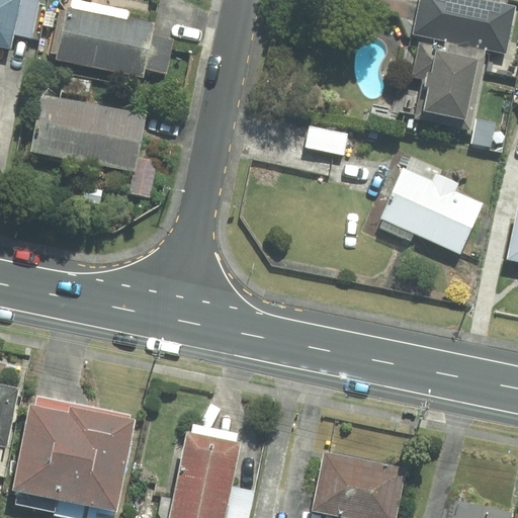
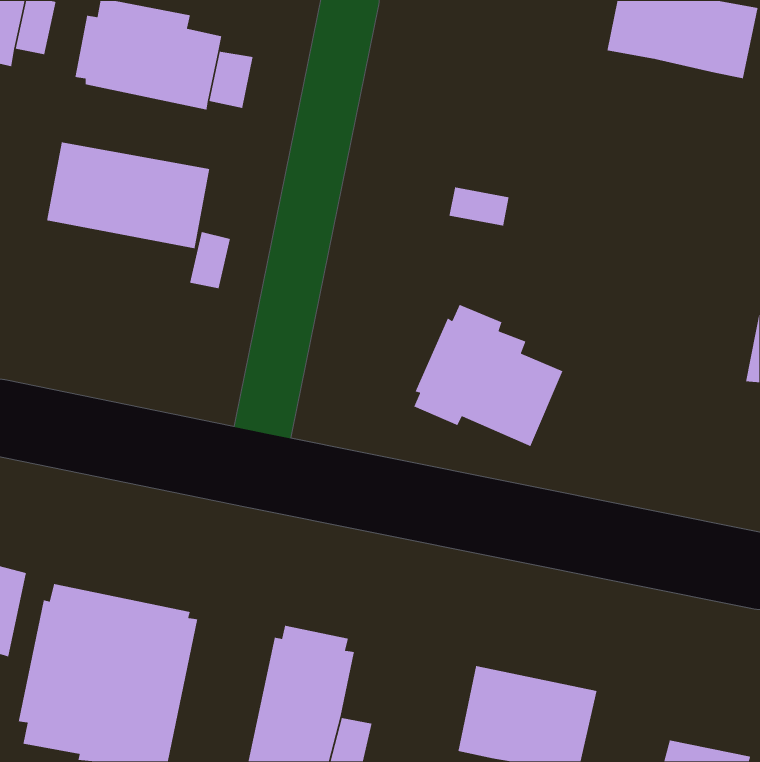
building: [411,40,485,130] -> none
building: [379,158,482,255] -> [413,304,564,447]

